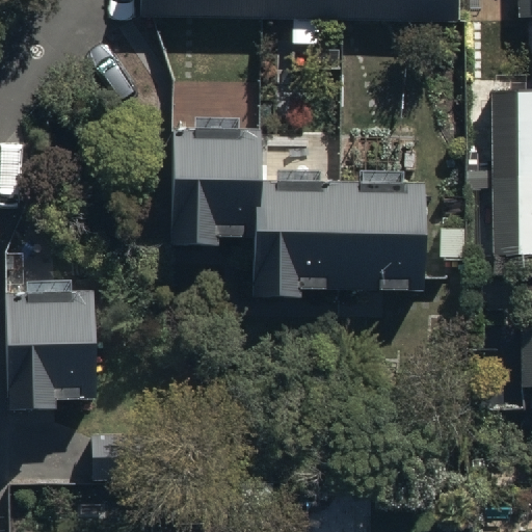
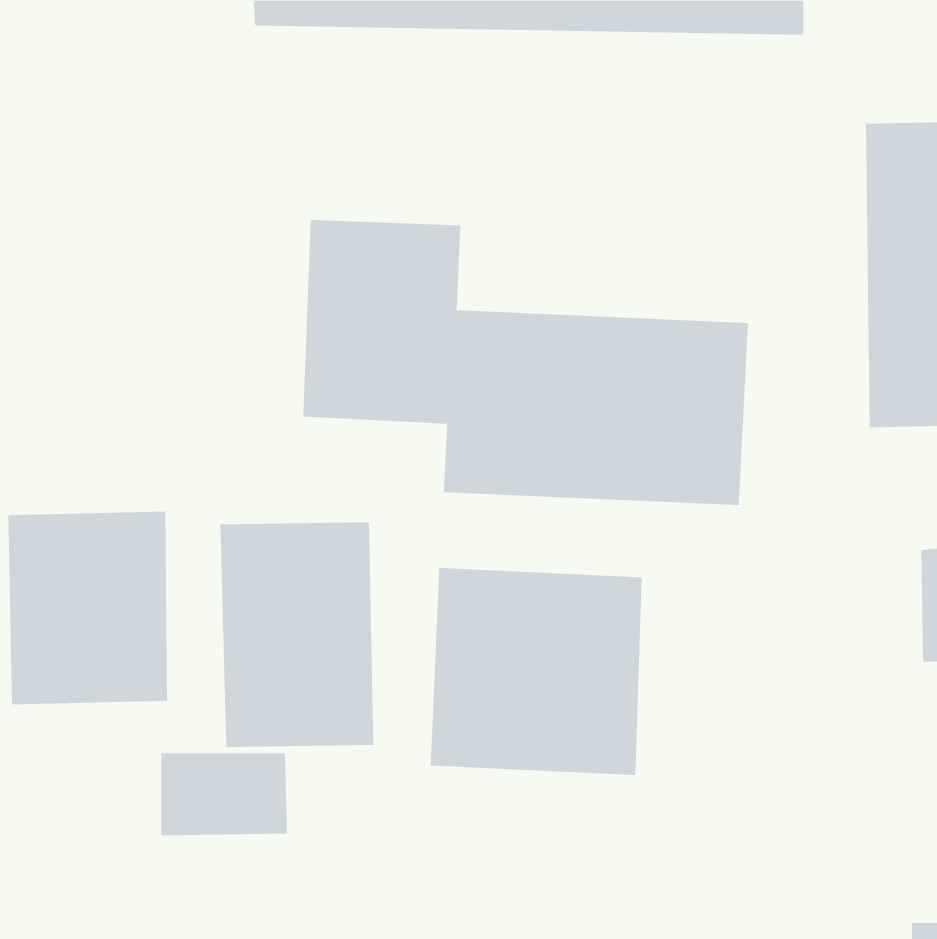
building: none -> [220,522,374,748]
building: none -> [430,567,642,776]

